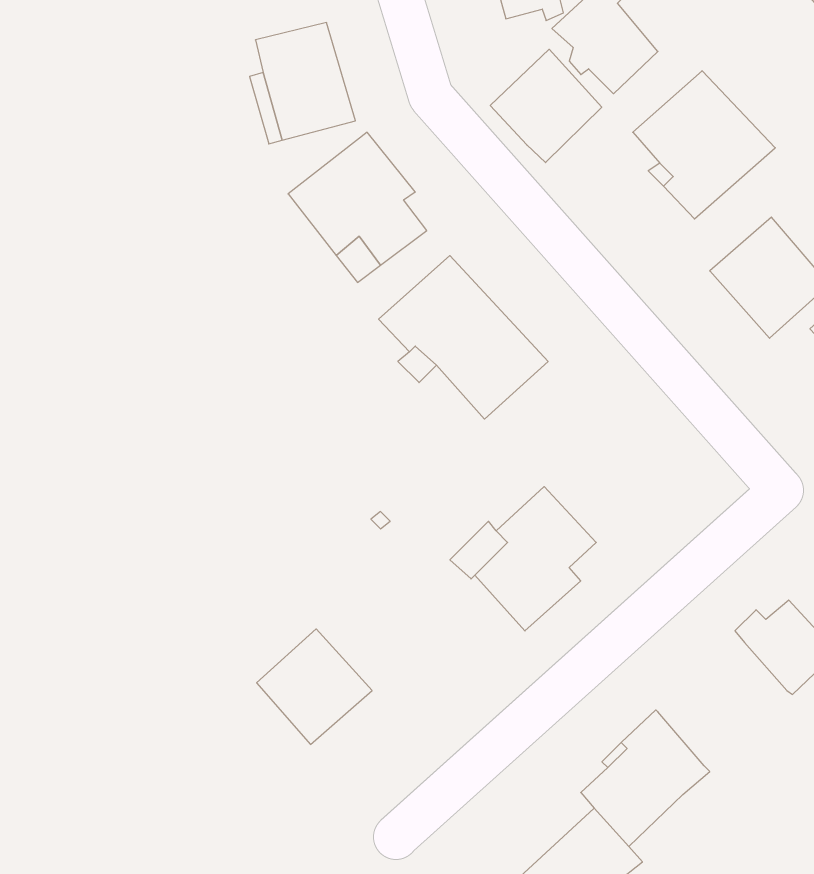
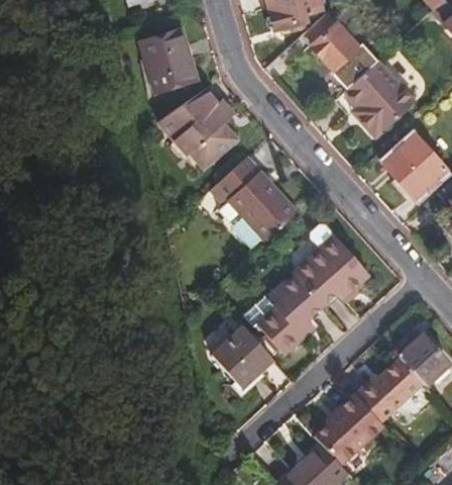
building: [490,49,602,163] -> none
building: none -> [293,223,369,305]
building: [257,629,372,744] -> [213,325,273,386]
building: none -> [356,358,424,422]

